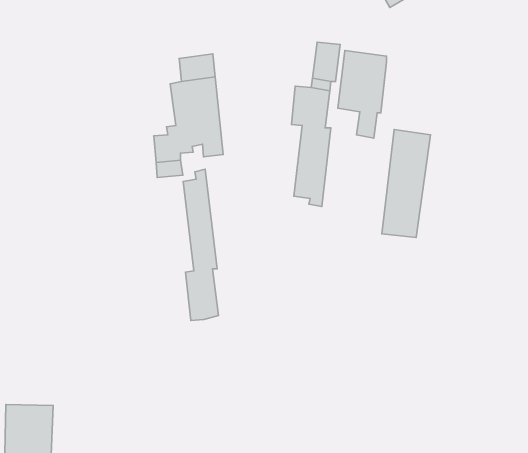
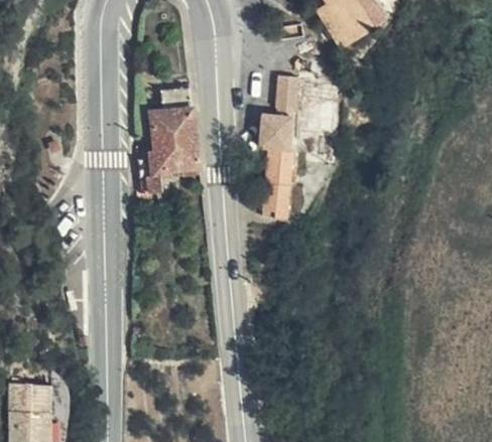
building: [382,130,430,238] -> none
building: [183,169,218,320] -> none

